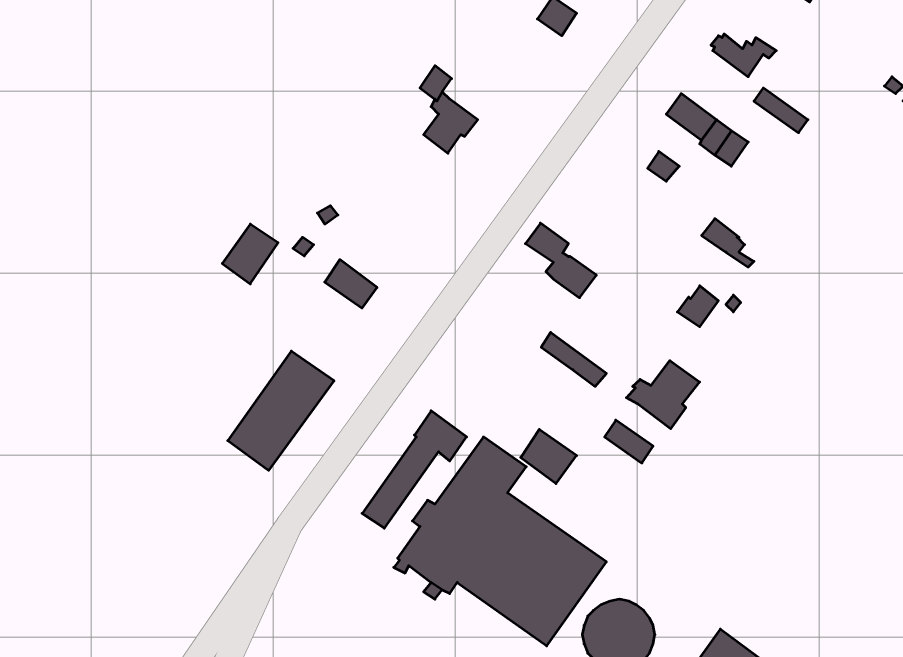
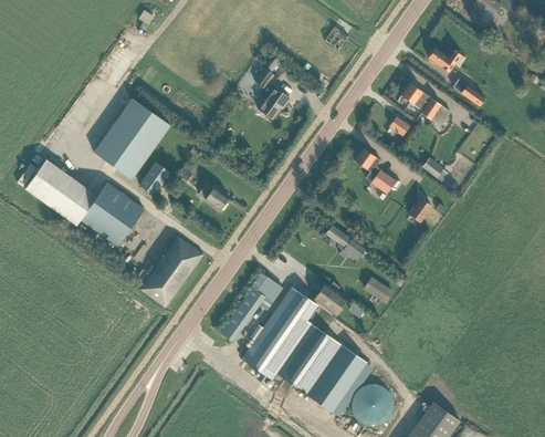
building: none -> [94,97,171,179]
building: none -> [25,159,145,247]
building: [525,223,596,298] -> [355,149,397,194]
building: [626,361,700,429] -> none

